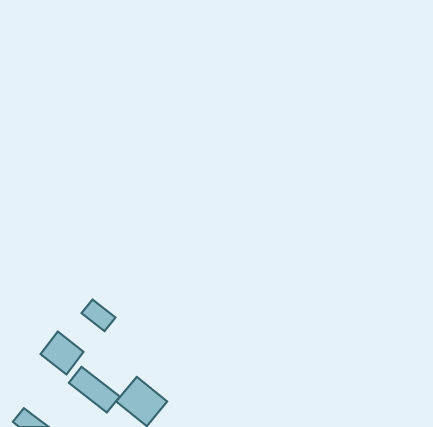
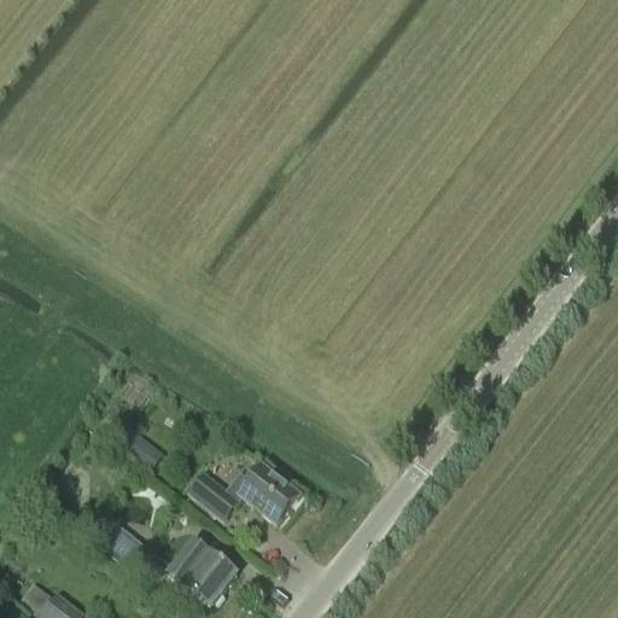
building: none -> [190,462,301,521]
building: [41,332,84,374] -> none

